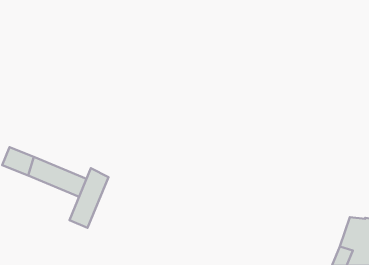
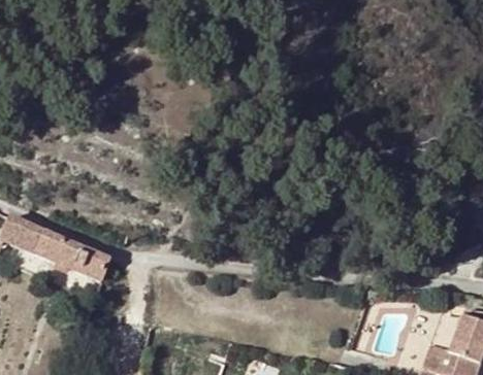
building: [70,168,108,228] -> none

